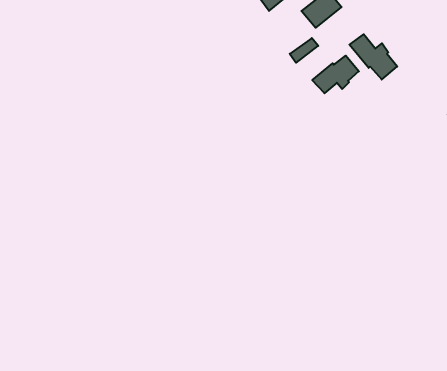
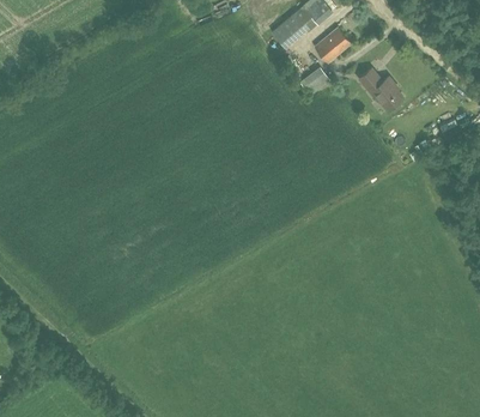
building: [312,56,359,93] -> none

